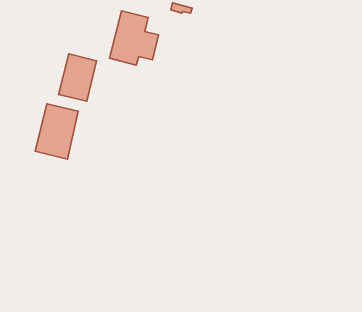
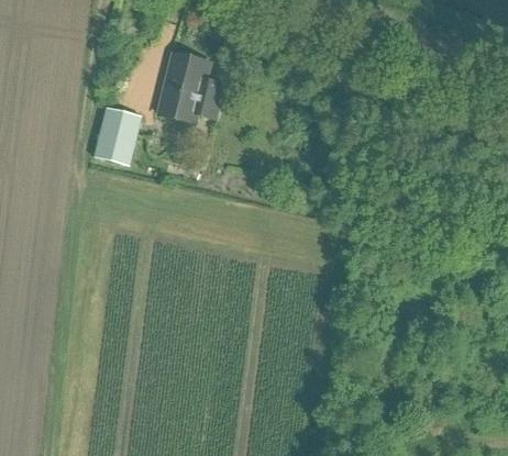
building: [35,104,78,159] -> none

